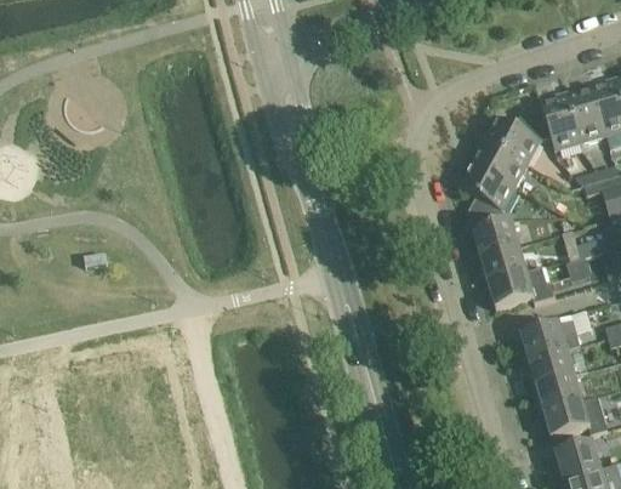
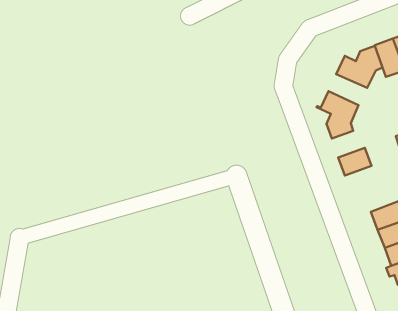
building: [474,141,528,186] -> none
building: [473,218,519,256] -> none
building: [489,265,554,308] -> none

